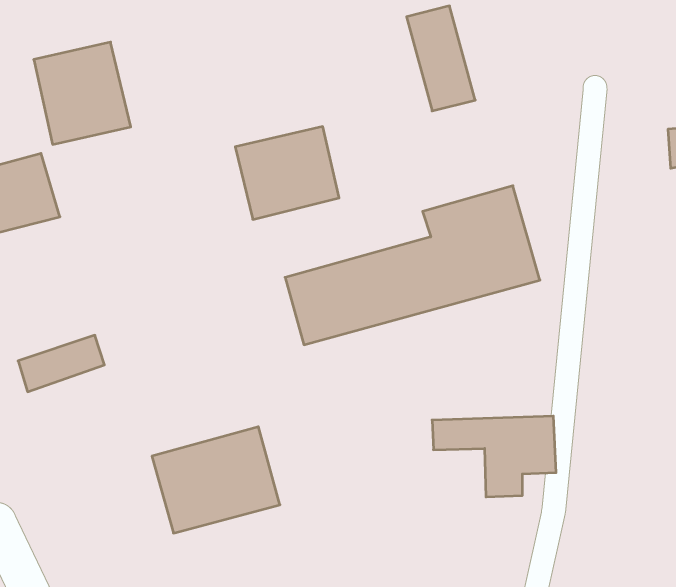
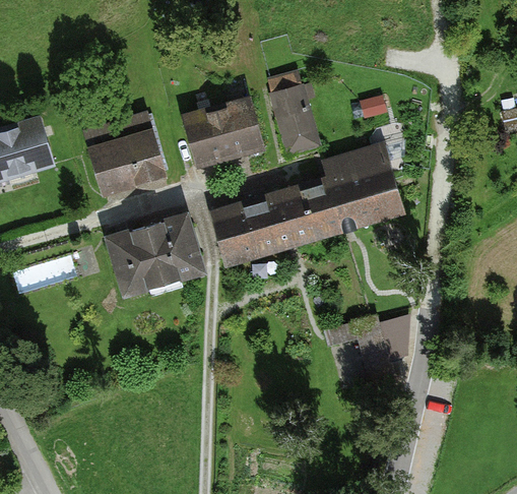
building: [407,6,475,111] -> [271,75,323,155]
building: [34,42,131,144] -> [87,114,160,191]
building: [152,427,280,533] -> [104,214,200,295]

